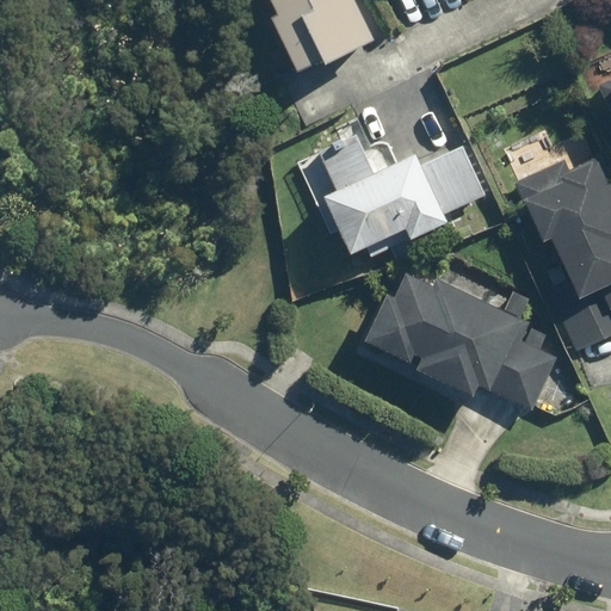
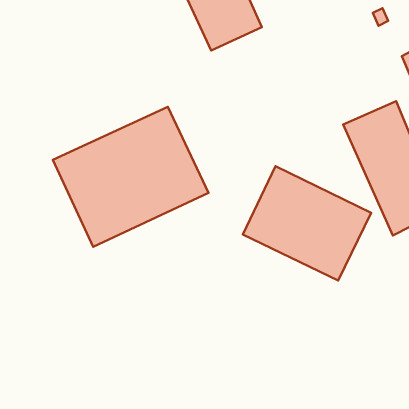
building: [319,132,487,255] -> none
building: none -> [53,107,208,247]

